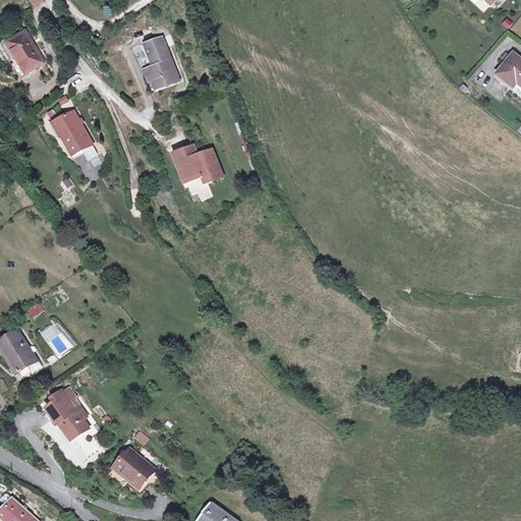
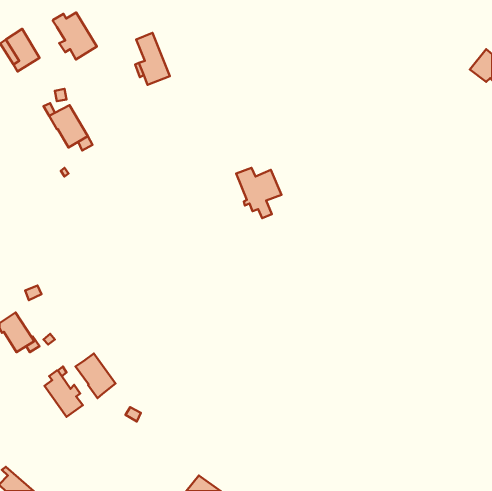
building: none -> [53,12,97,59]
building: [175,147,223,199] -> [236,168,281,218]
building: none -> [75,353,116,398]
building: [113,448,155,488] -> none

